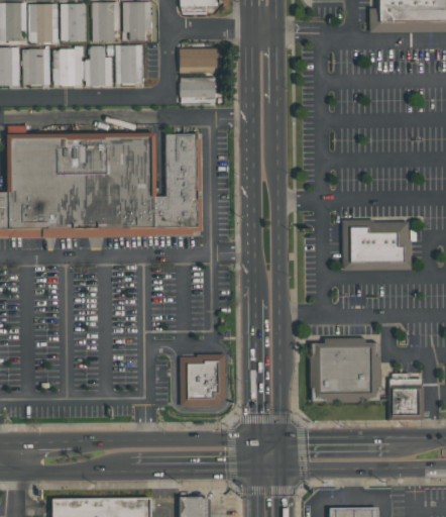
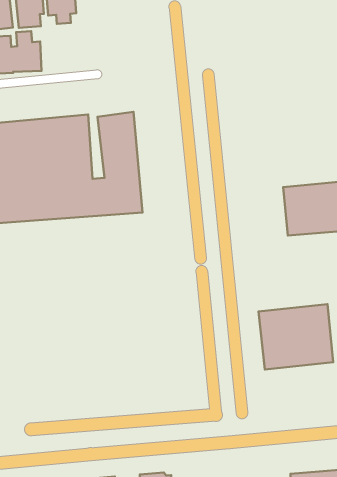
building: [116,44,144,84] -> none
building: [179,47,219,73] -> none
building: [180,77,216,105] -> none
building: [180,354,224,406] -> none

